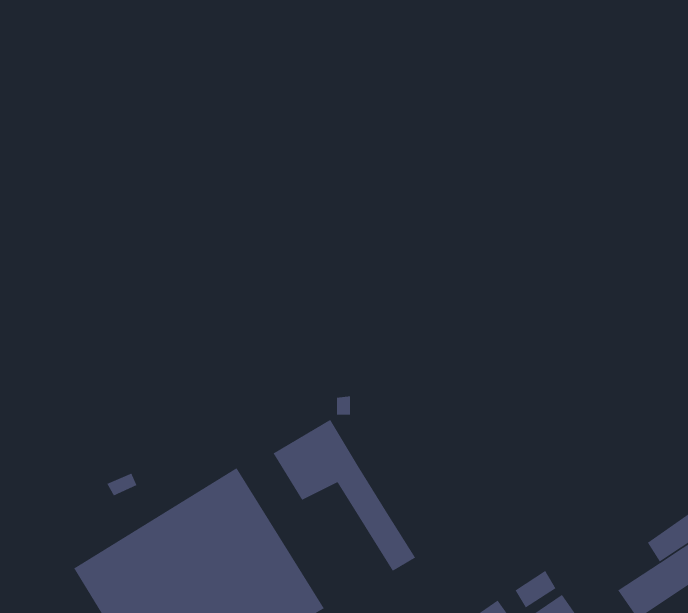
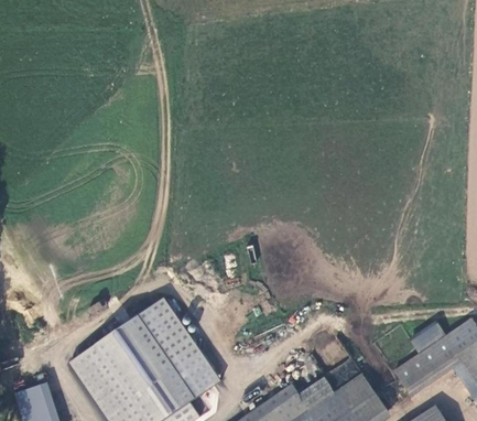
building: [272,419,416,572] -> none

